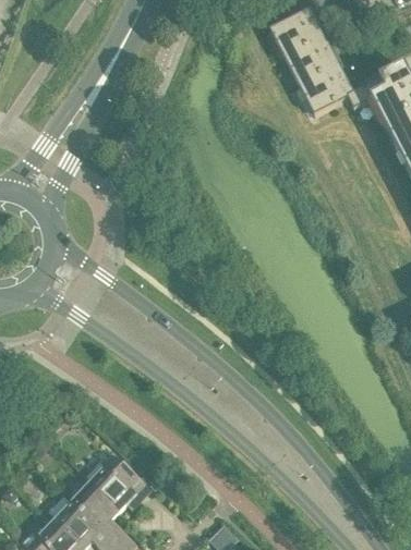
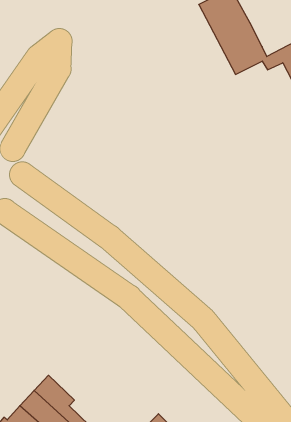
building: [86,454,150,512] -> none

